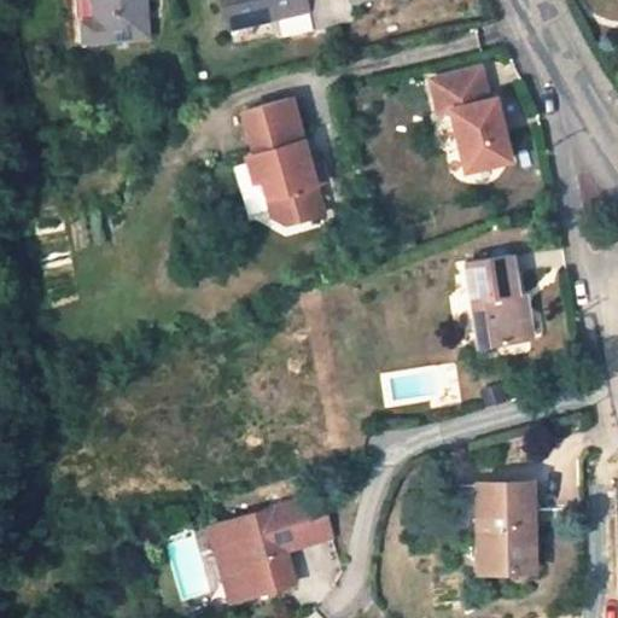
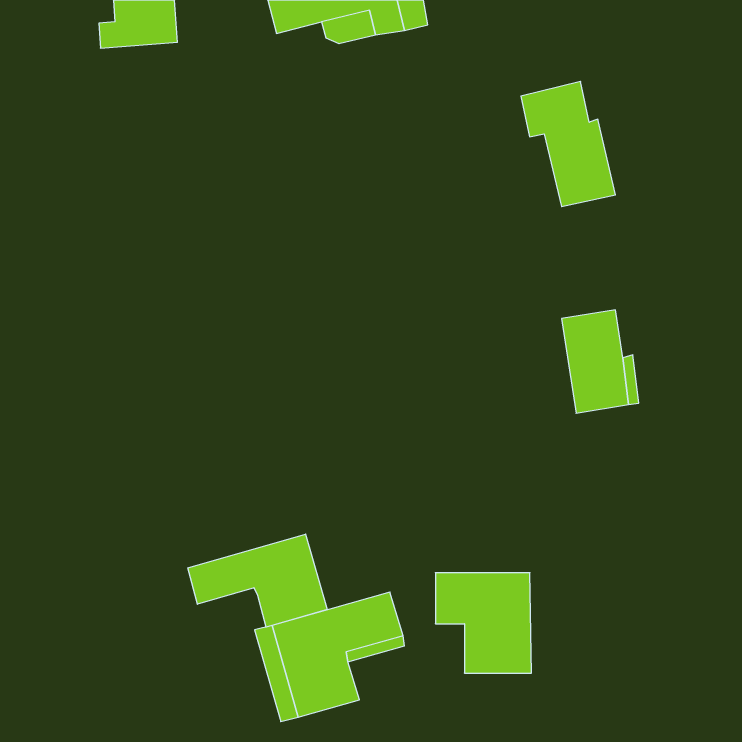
building: [244,95,326,223] -> none
building: none -> [188,534,327,627]
building: [454,484,534,567] -> [435,573,531,673]

